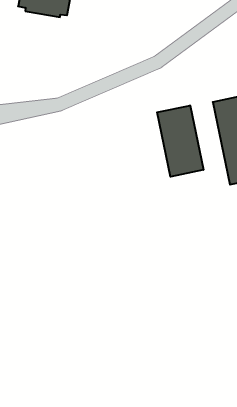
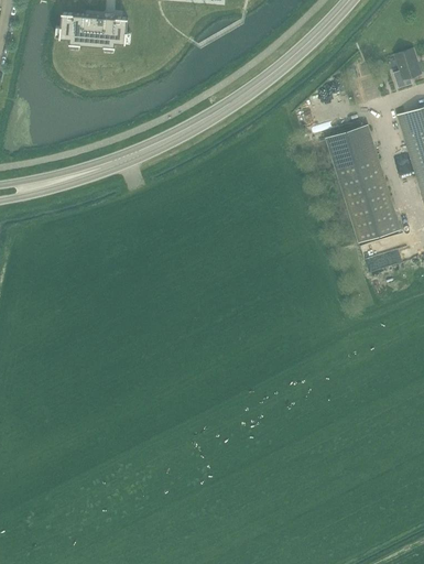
building: [157,105,203,177] -> none

